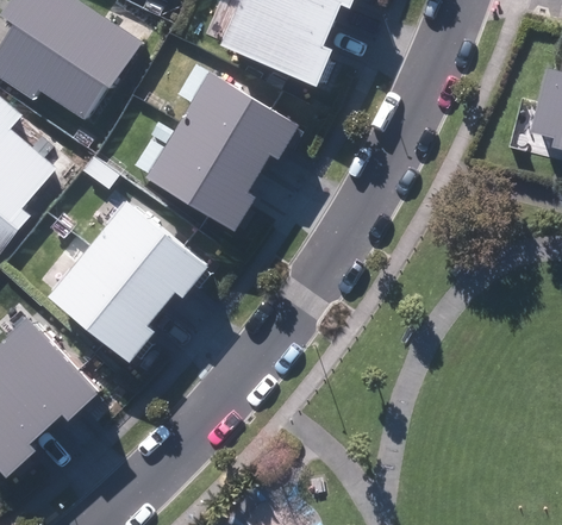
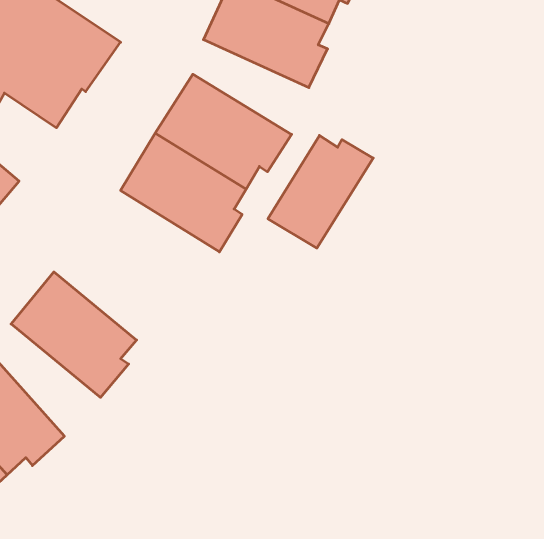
building: none -> [268,135,373,248]
building: [86,201,205,310] -> none

